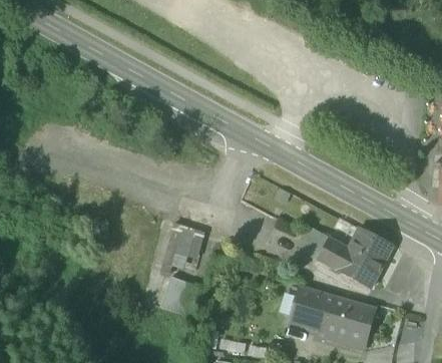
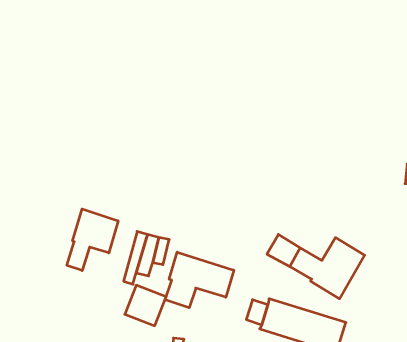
building: none -> [67,209,118,271]
building: none -> [165,252,234,308]

